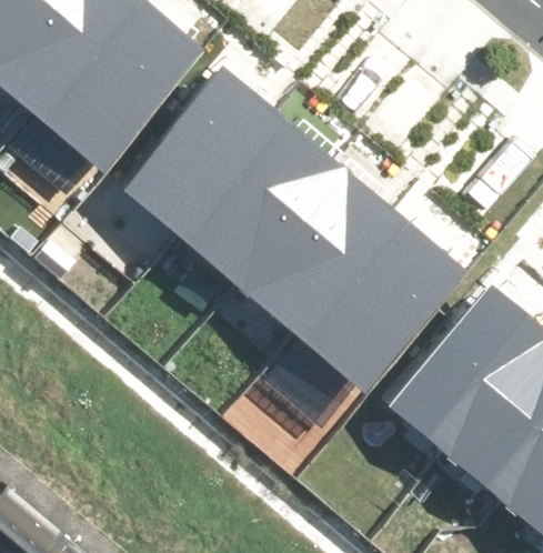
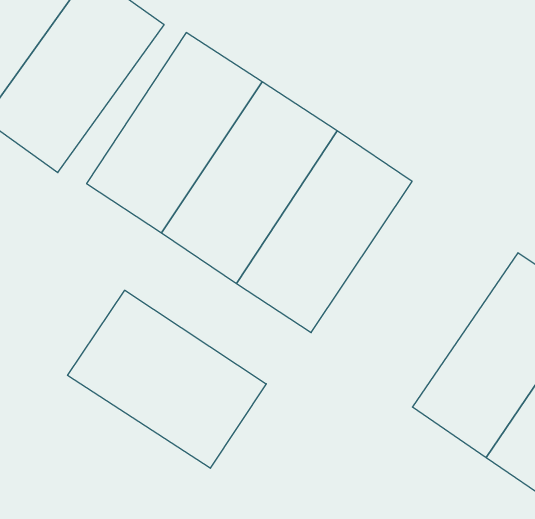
building: [304,212,469,388] -> none
building: none -> [68,290,266,468]

